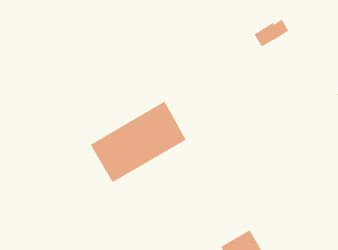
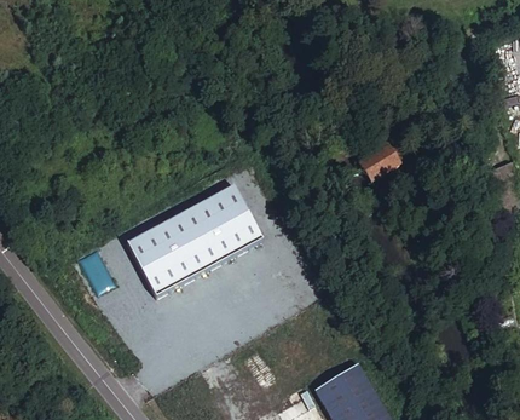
building: [254,19,289,47] -> [356,142,405,182]

